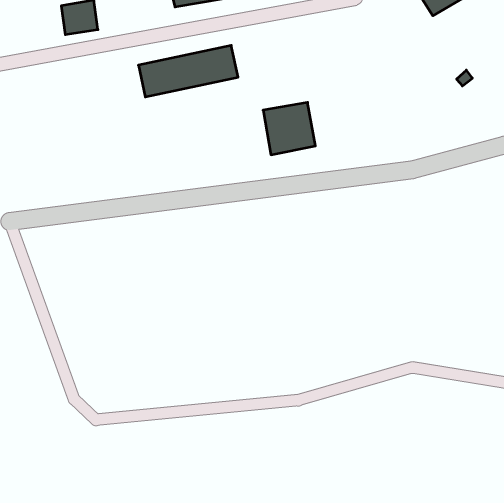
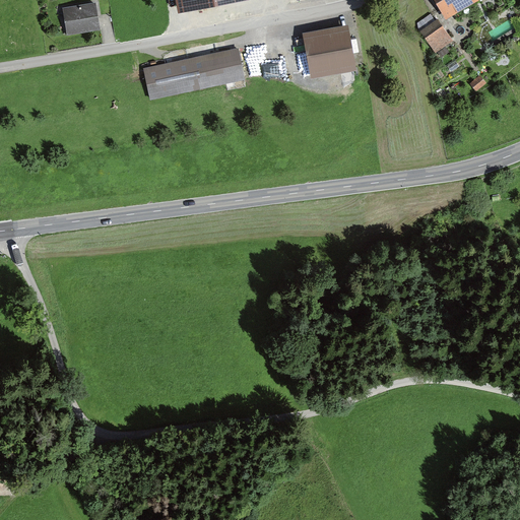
building: none -> [419,17,452,52]
building: [263,102,315,155] -> [302,25,355,79]

